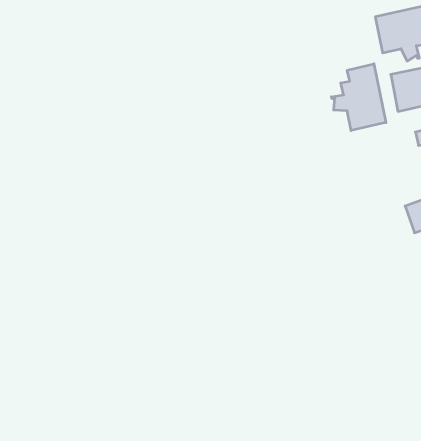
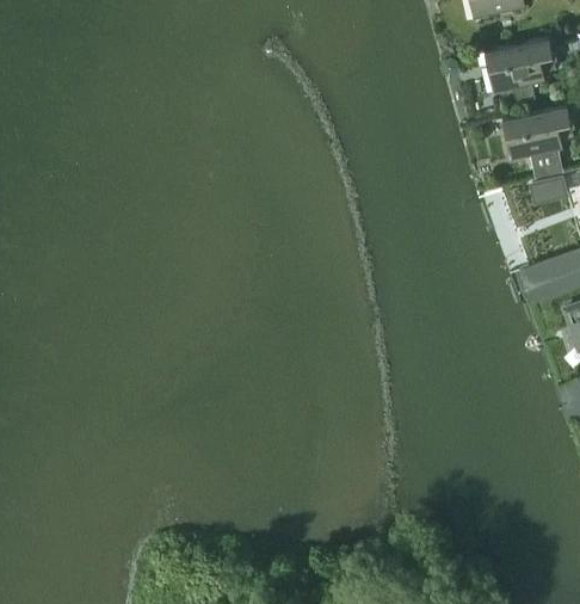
building: [331,64,386,131] -> none

